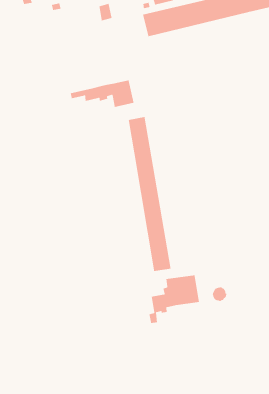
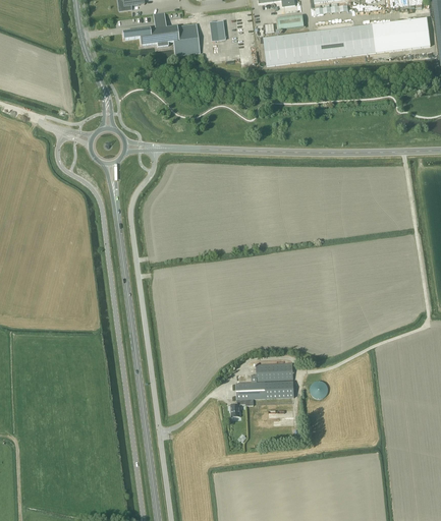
building: [70,79,134,108] -> [122,22,200,55]
building: [128,116,171,272] -> none

